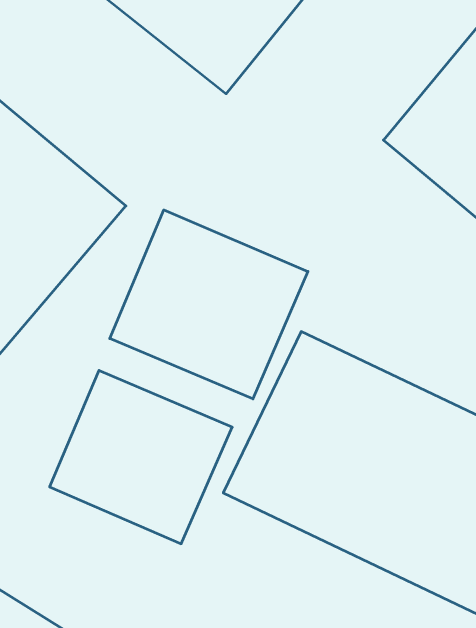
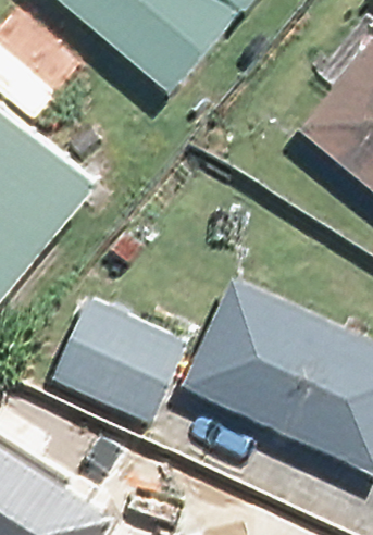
building: [110,210,308,399] -> none

